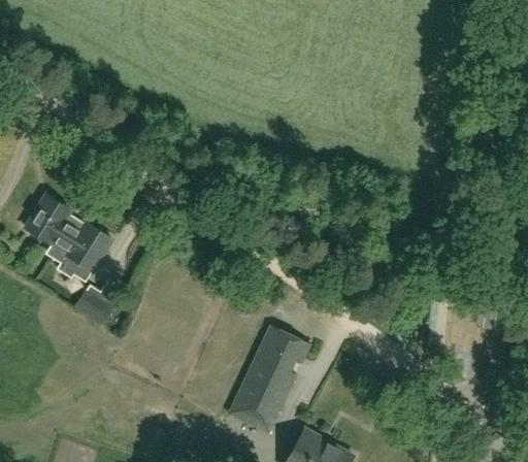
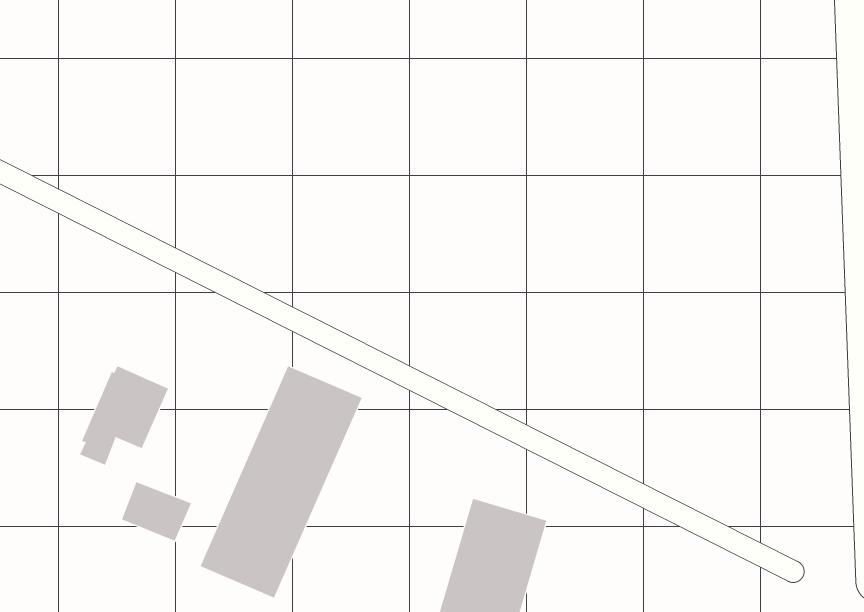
building: [24,195,81,262] -> none
building: none -> [200,366,363,598]

